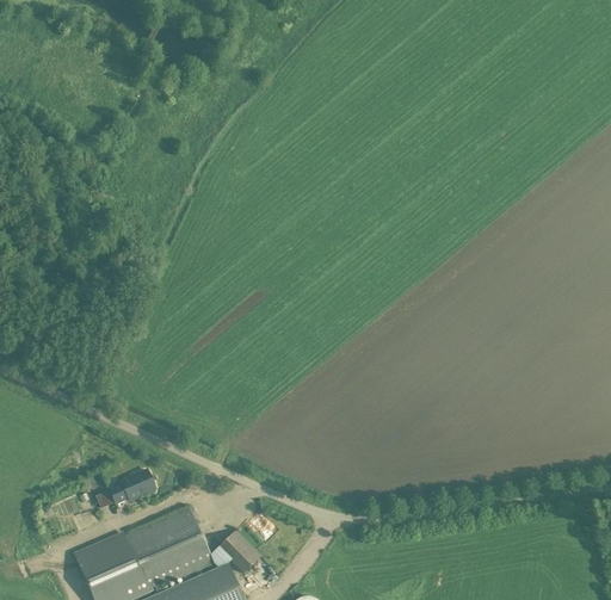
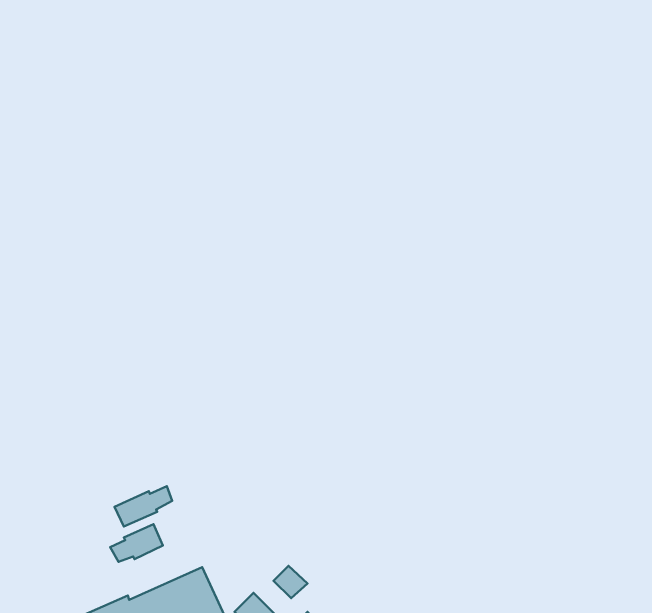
building: none -> [115,486,172,526]

